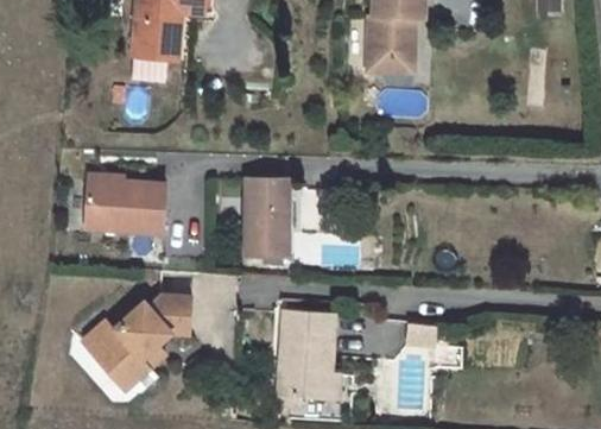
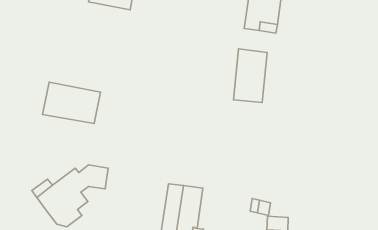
building: [246,178,289,254] -> [233,49,267,103]

